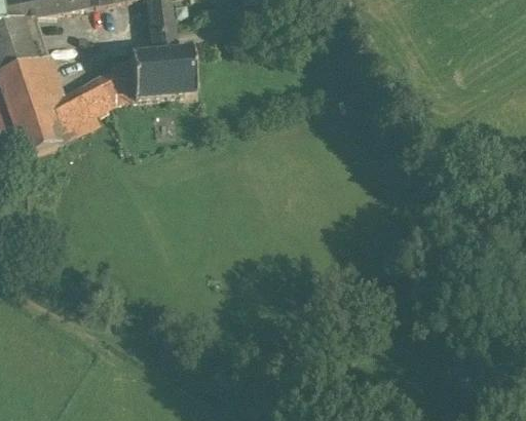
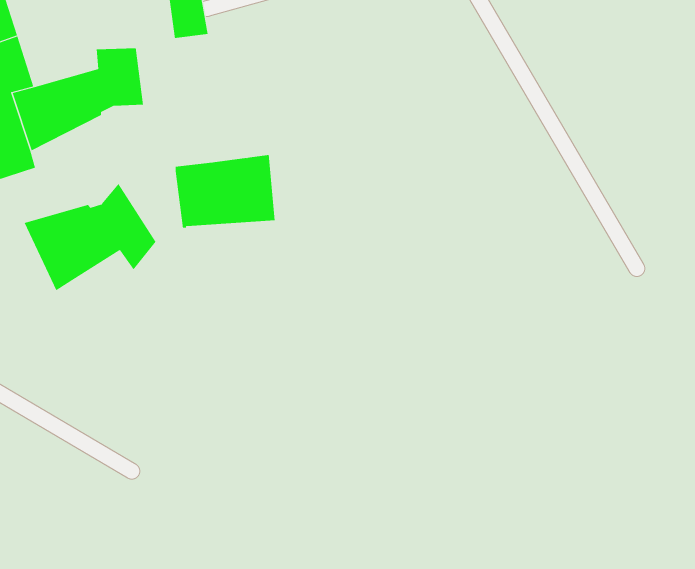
building: [127,50,196,101] -> [175,155,275,228]
building: none -> [24,183,156,291]

